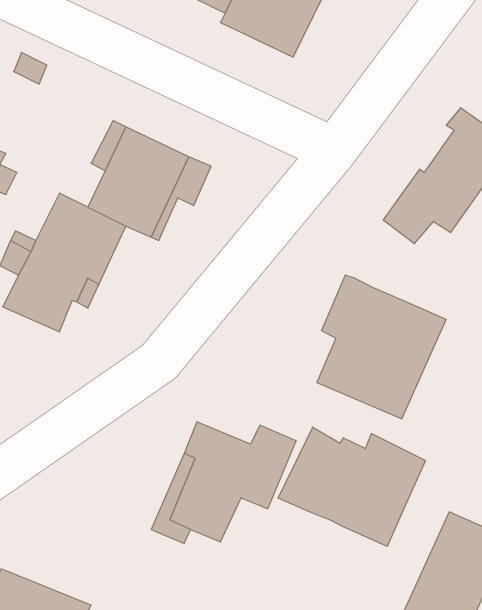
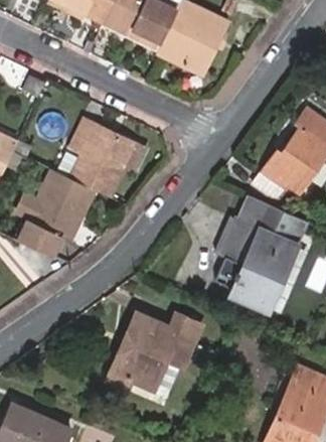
building: none -> [239,194,290,236]
building: [278,427,425,546] -> none

